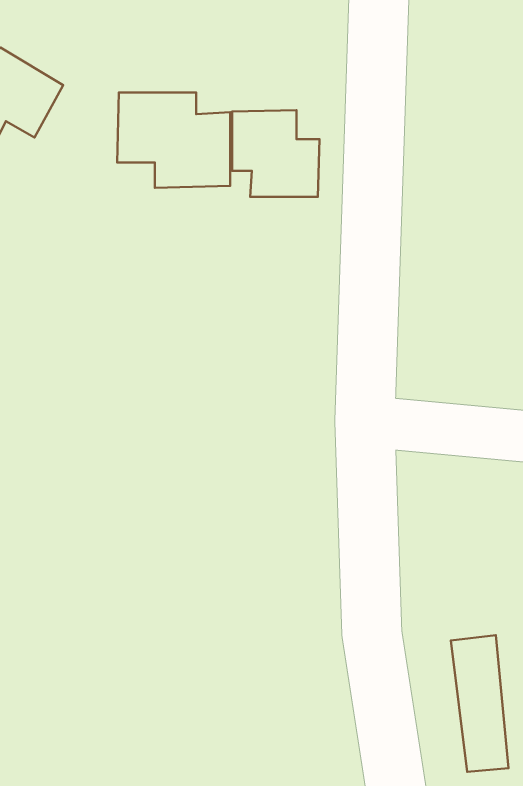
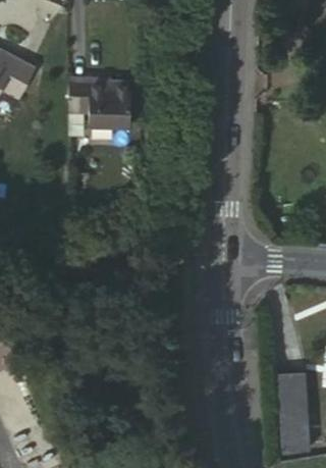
building: [232,110,319,197] -> none

